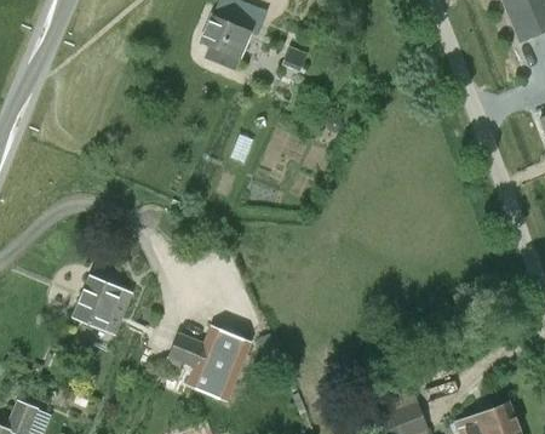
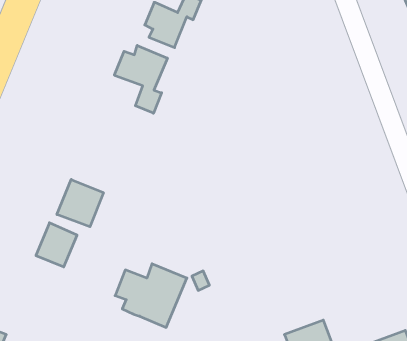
building: none -> [114,45,167,113]
building: none -> [57,179,103,227]

